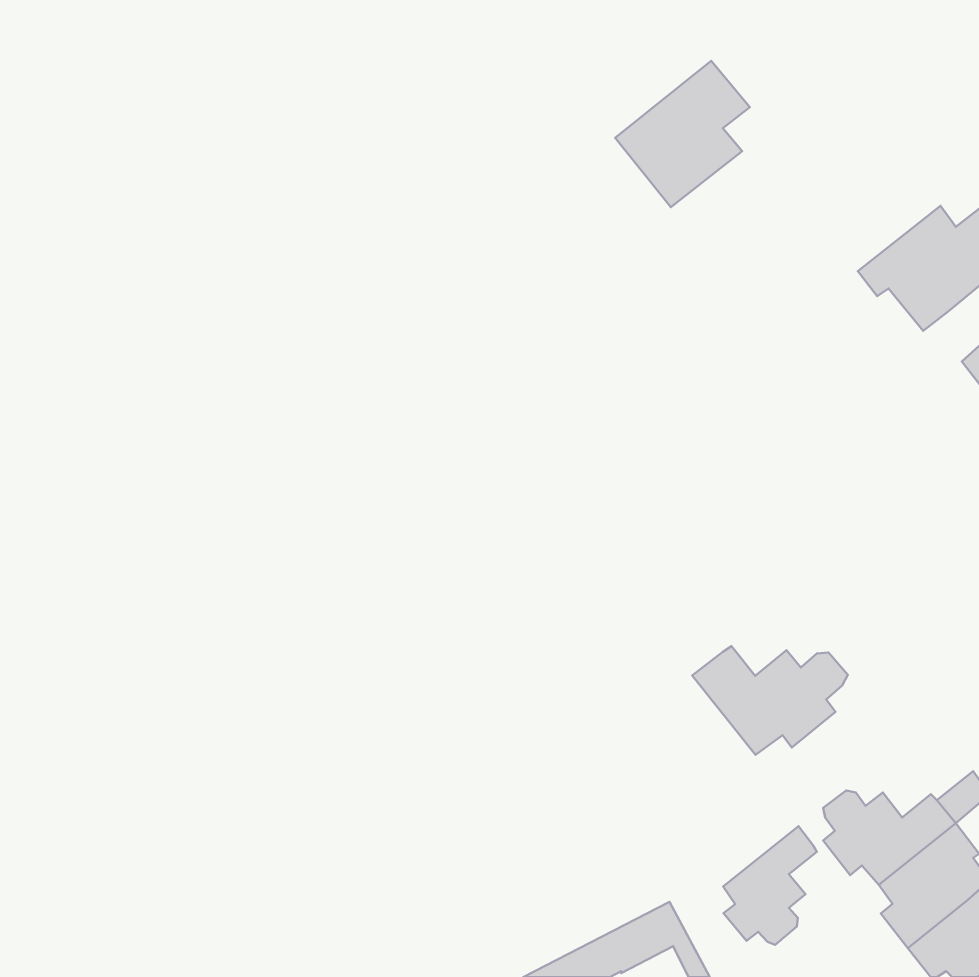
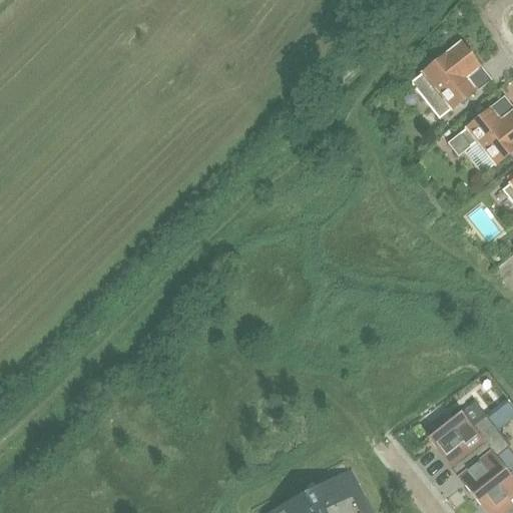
building: [615,61,750,207] -> [411,41,481,117]
building: [692,646,848,755] -> none
building: [723,826,817,945] -> none

